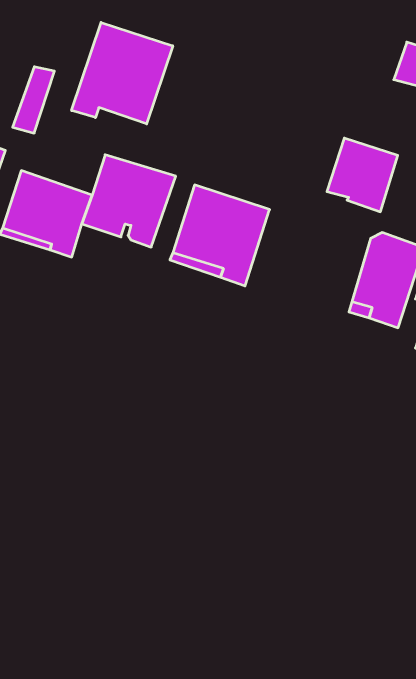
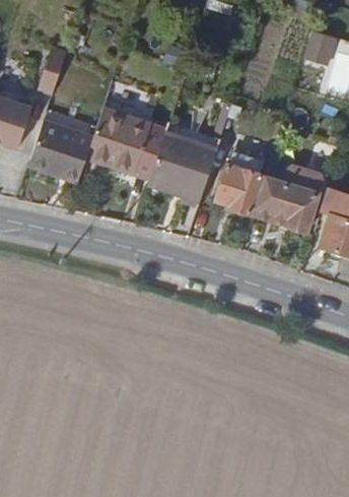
building: [72,22,173,124] -> none
building: [327,138,398,212] -> [216,164,266,215]

